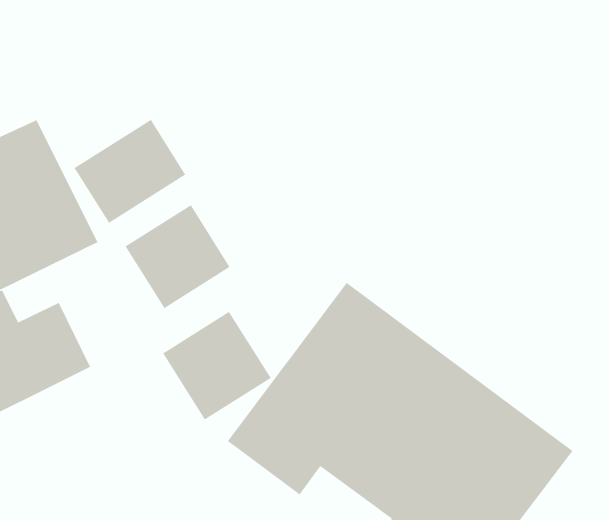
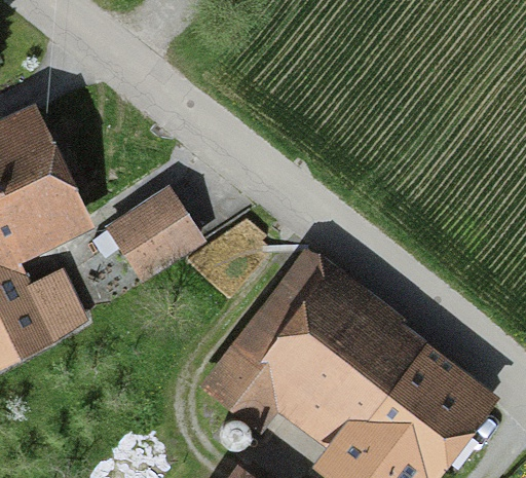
building: [73,119,186,224] -> none
building: [162,311,272,420] -> none

